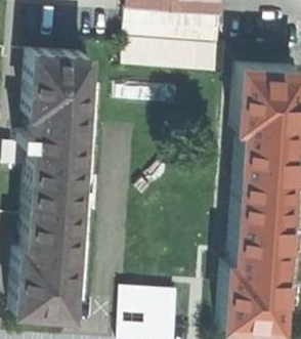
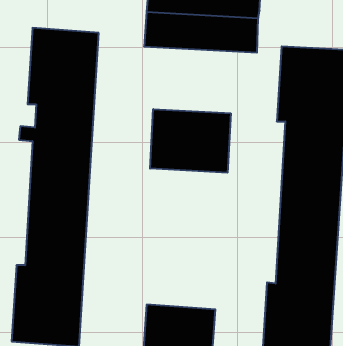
building: none -> [150,109,231,173]

